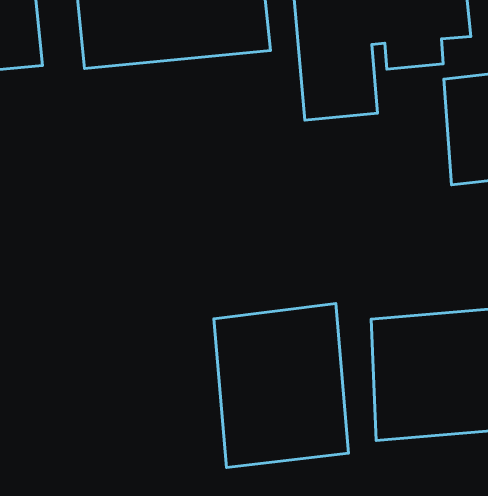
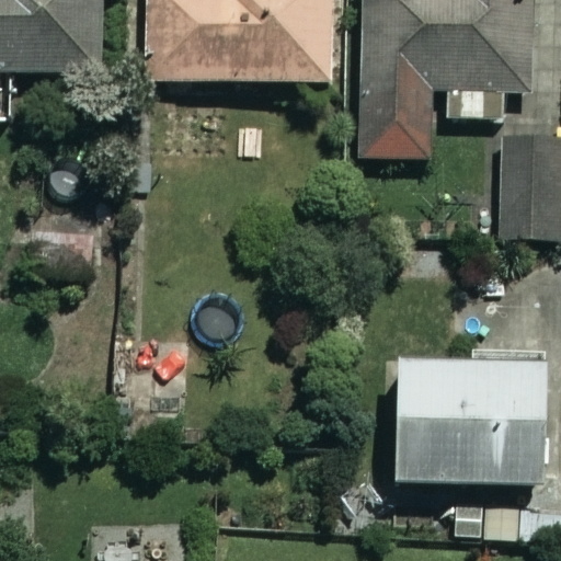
building: [214,303,349,467] -> none

